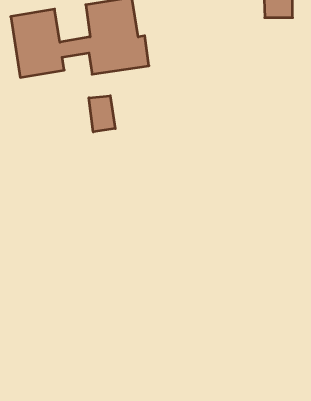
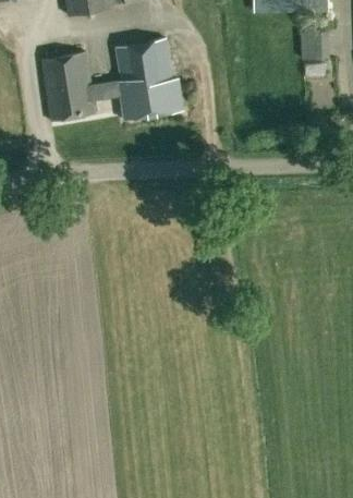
building: [89,96,115,132] -> none

